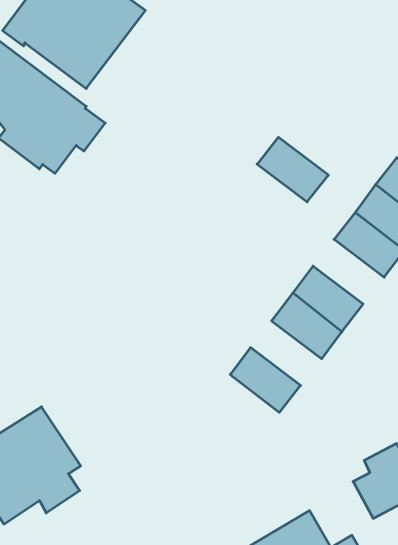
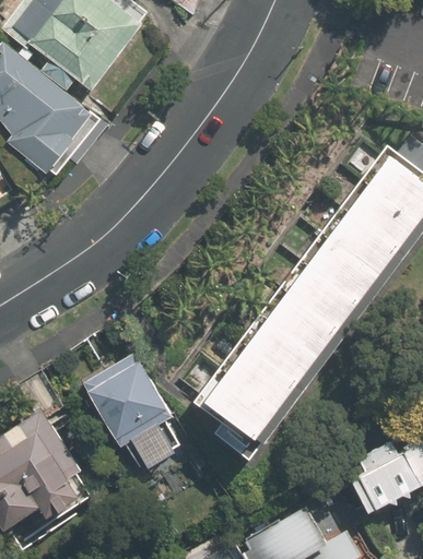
building: [257,137,328,202] -> [309,240,379,304]
building: none -> [248,320,318,383]
building: none -> [82,353,180,467]
building: none -> [208,372,277,437]

